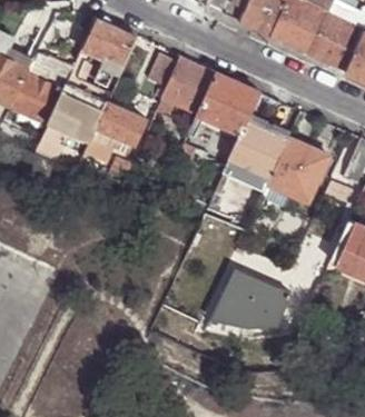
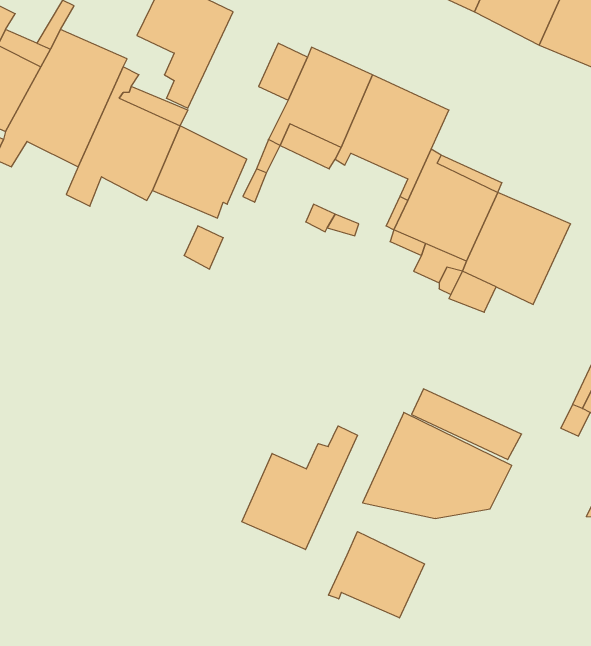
building: none -> [242,426,358,550]
building: none -> [329,532,424,618]

